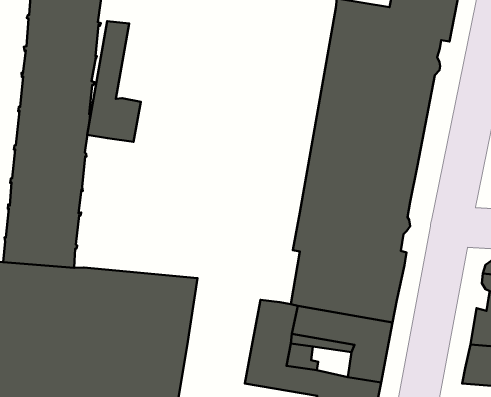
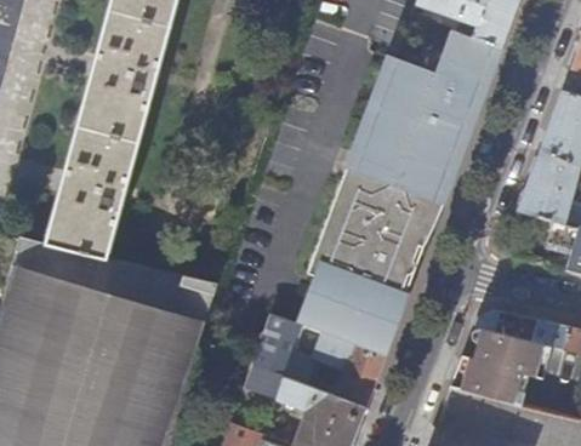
building: [87,21,141,142] -> none

